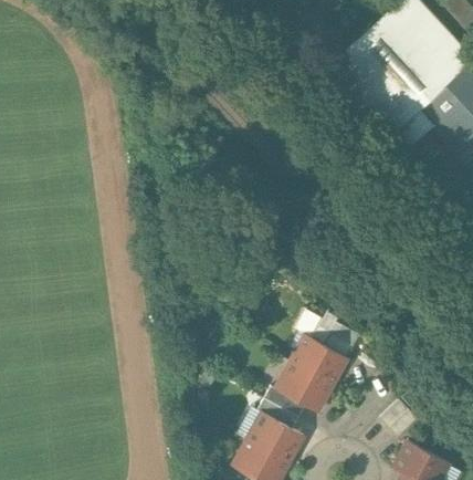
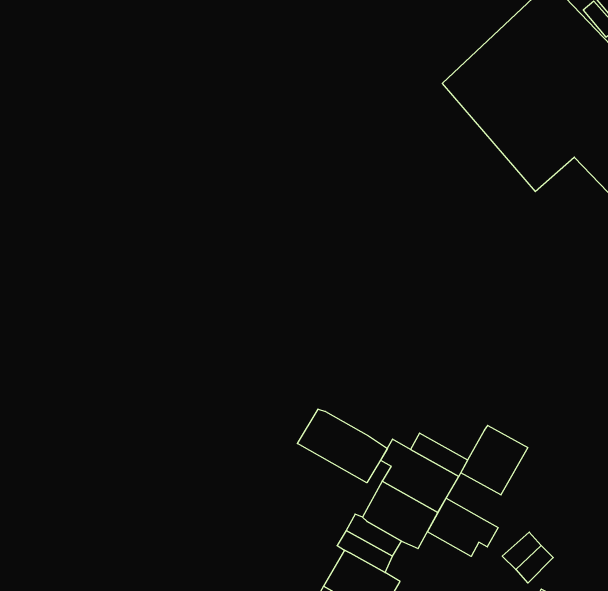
building: none -> [297,409,387,483]
building: none -> [461,425,528,495]
building: none -> [428,498,498,556]

